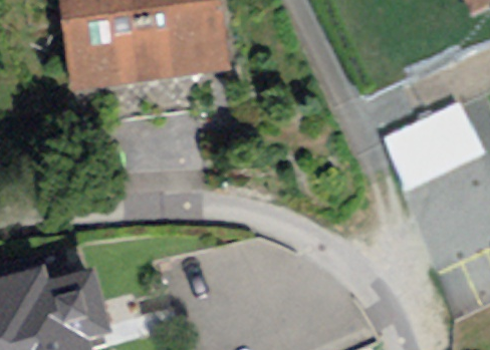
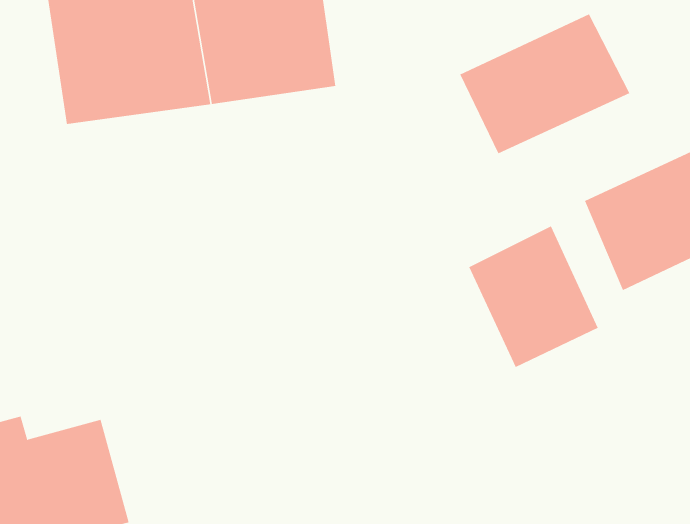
building: none -> [459,13,630,154]
building: none -> [469,225,598,368]

